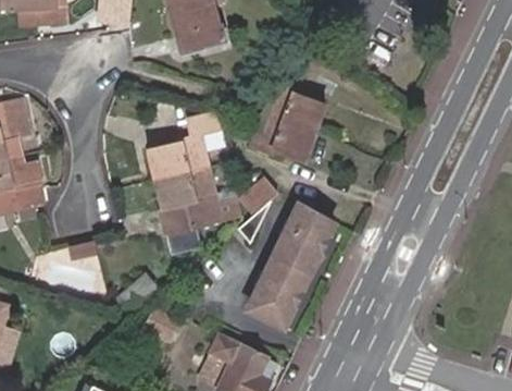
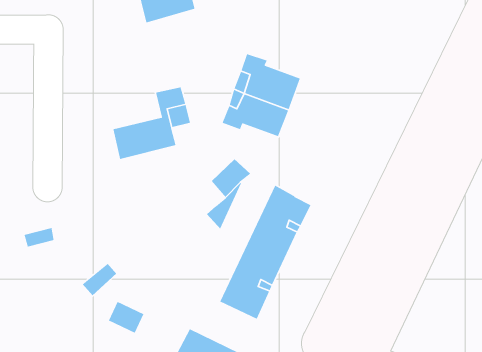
building: [155,167,238,252] -> none

